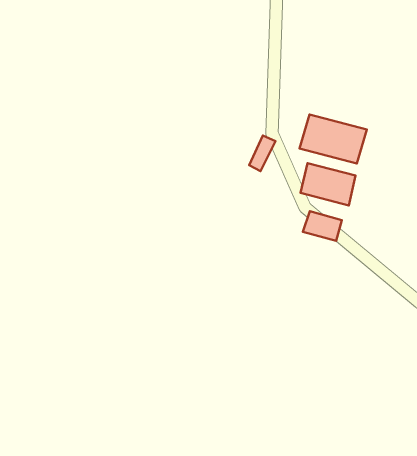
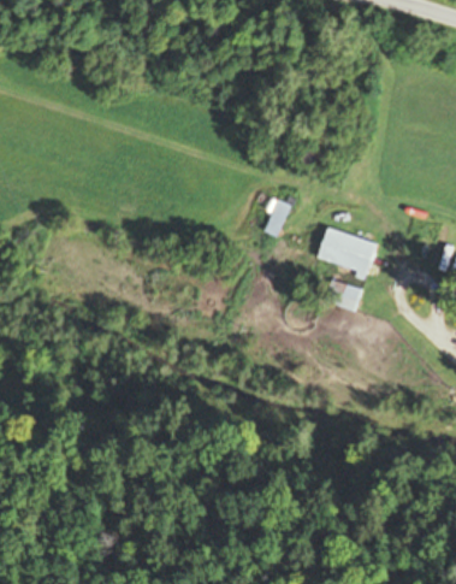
building: [300,115,367,163] -> none

